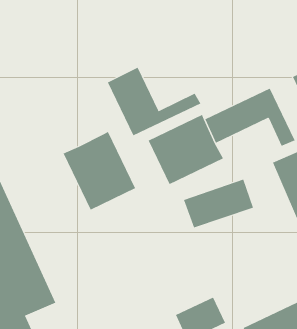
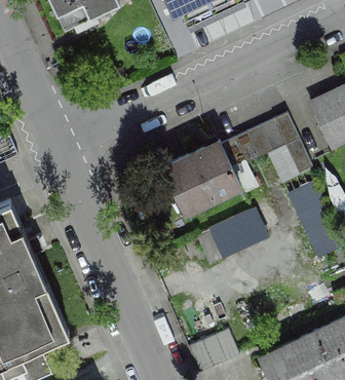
building: [107,67,201,136] -> none
building: [63,131,136,211] -> none

